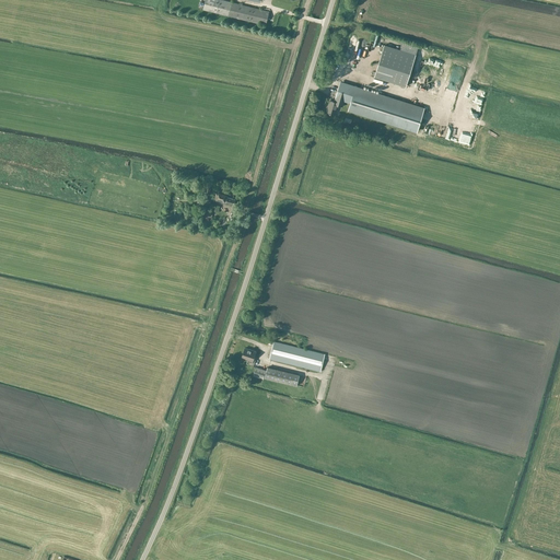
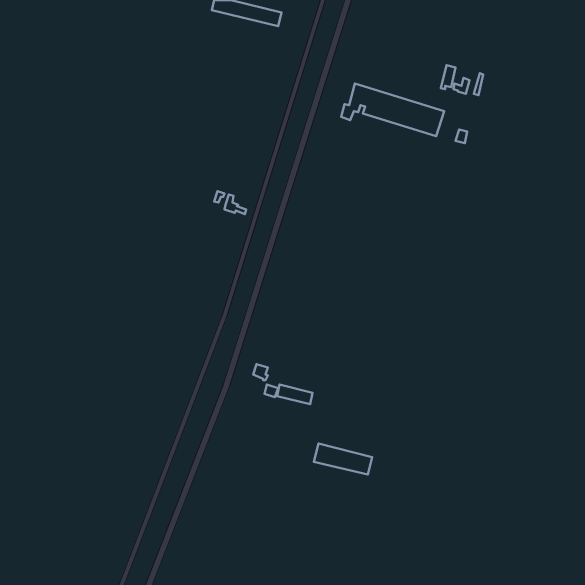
building: [374,45,416,86] -> none
building: [269,341,325,371] -> [314,444,372,474]

